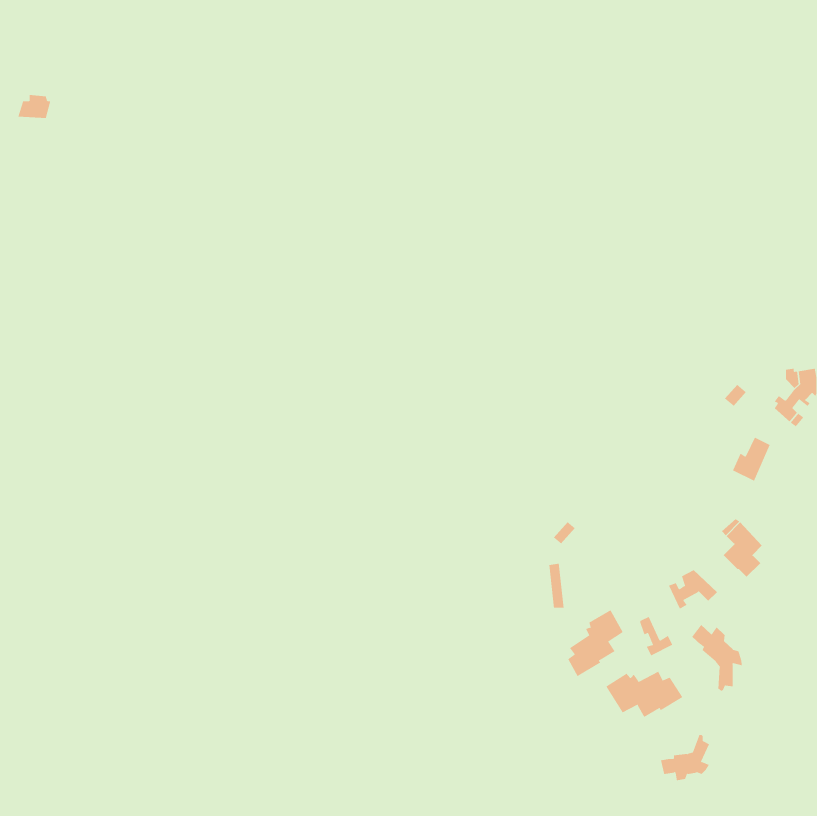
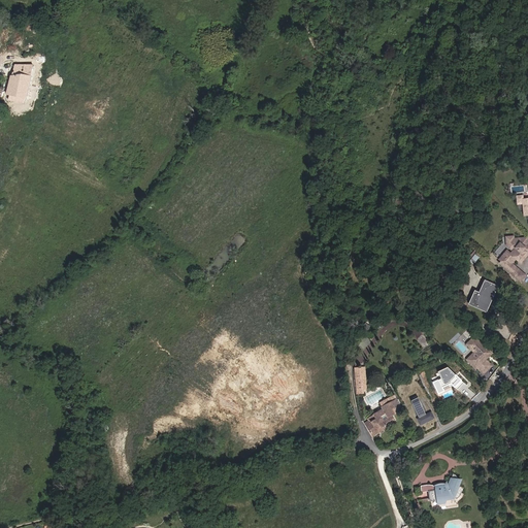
building: none -> [7,75,30,102]
building: [691,624,742,691] -> none
building: [606,671,683,718] -> none

